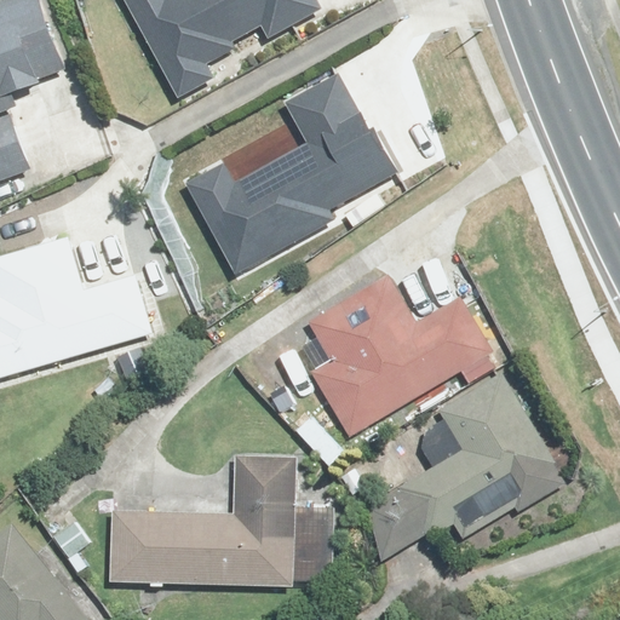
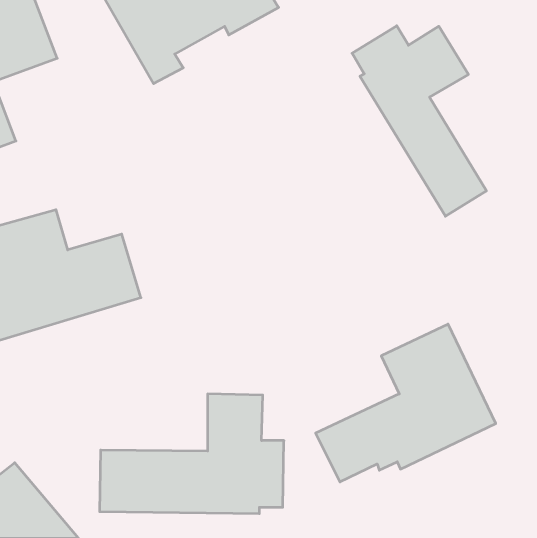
building: none -> [352,26,486,216]
building: [173,67,398,276] -> none
building: [309,280,484,430] -> none

